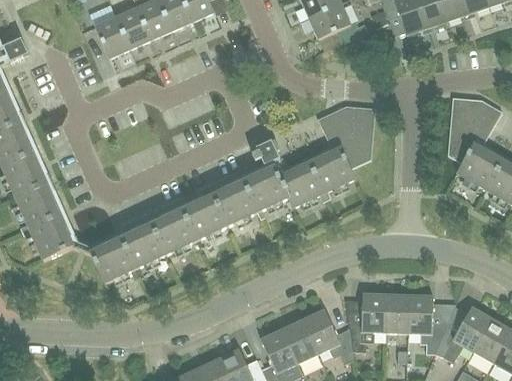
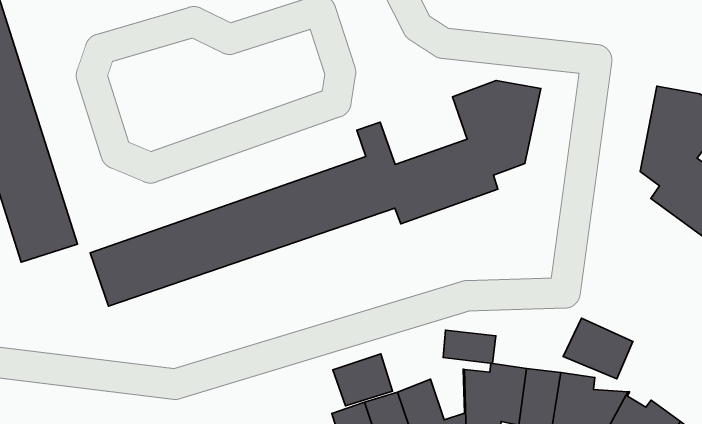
building: none -> [563,318,633,379]
building: none -> [443,330,496,363]
building: none -> [333,354,393,406]

